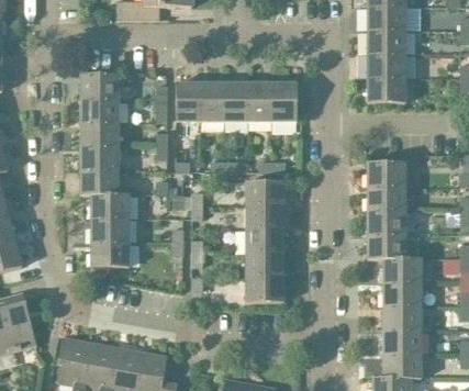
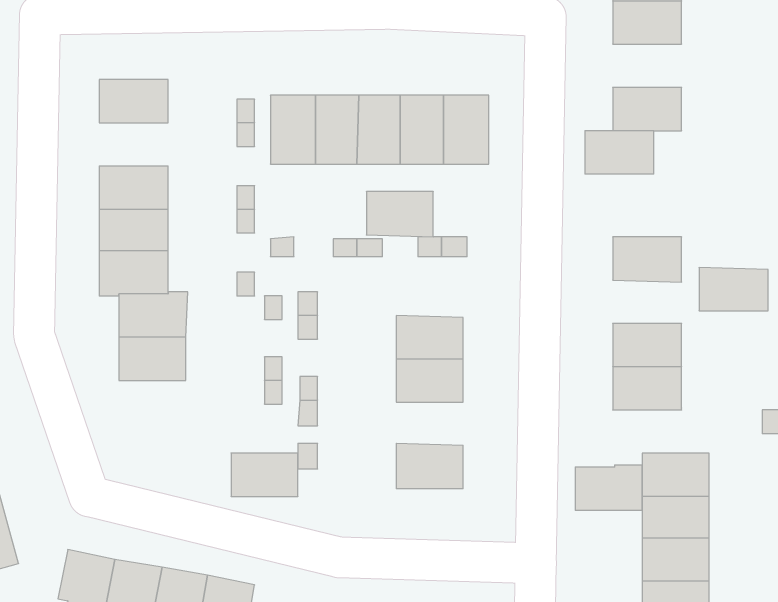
building: [367,55,405,79] -> [585,131,654,174]
building: [80,99,119,123] -> none
building: [246,182,283,208] -> [366,192,433,237]
building: [367,187,405,211] -> [699,268,768,311]
building: [91,243,129,267] -> [231,453,298,496]
building: [246,255,283,279] -> none
building: [383,258,421,283] -> [575,465,642,510]

